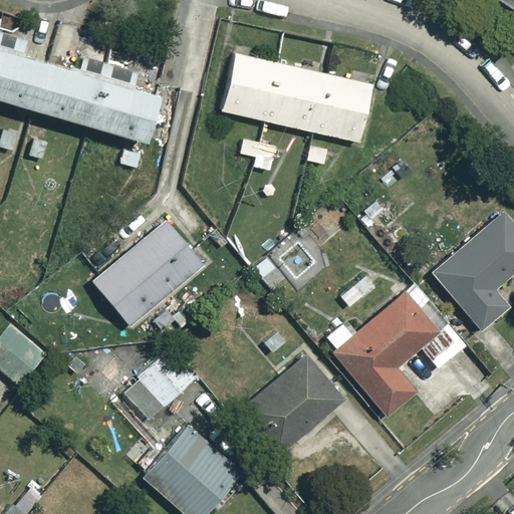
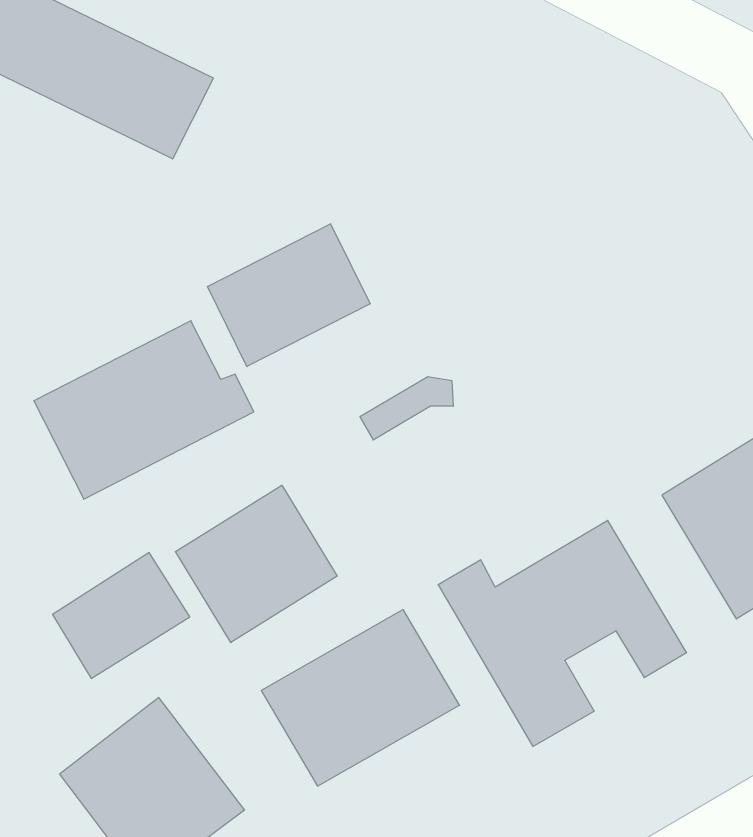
building: [221,53,372,143] -> none
building: none -> [208,224,370,367]
building: none -> [175,485,337,643]

